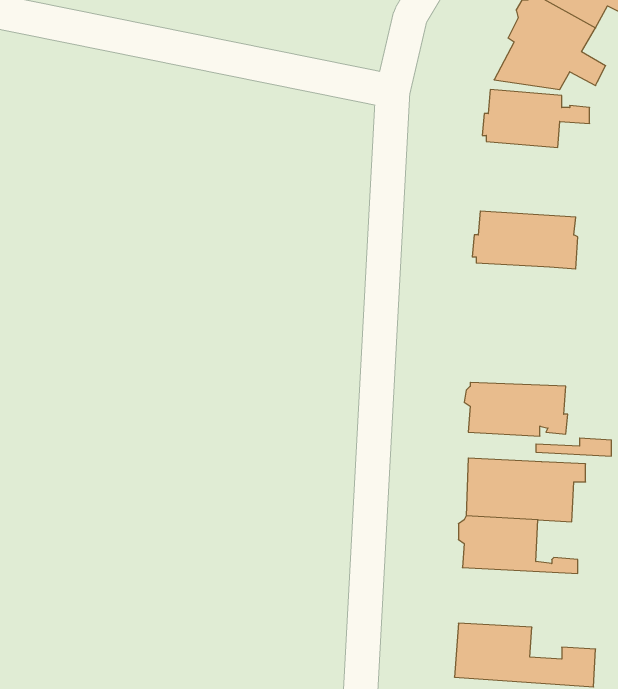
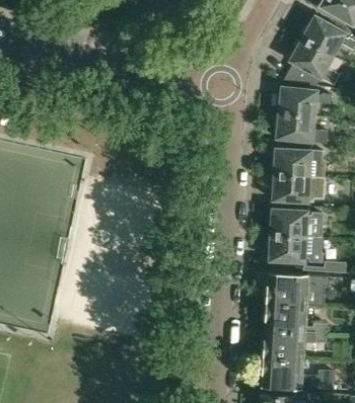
building: none -> [275,112,329,142]
building: none -> [271,174,325,202]
building: none -> [269,208,323,237]
building: none -> [263,329,326,359]

